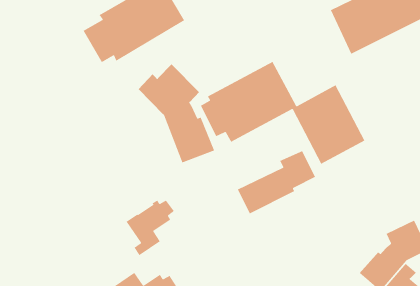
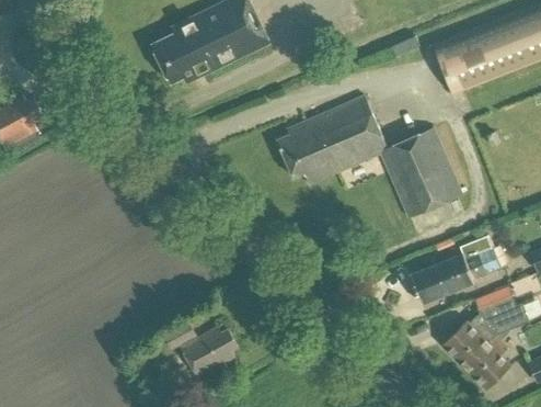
building: [138,63,215,163] -> none
building: [237,150,316,214] -> [410,236,500,304]
building: [126,200,175,256] -> none

